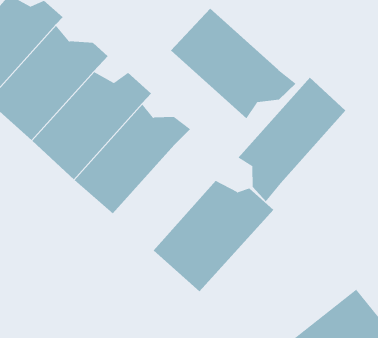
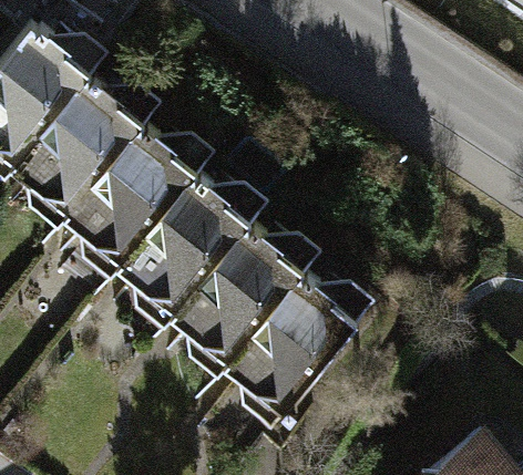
building: [170,8,297,119] -> none
building: [237,77,346,202] -> none
building: none -> [166,220,316,358]

